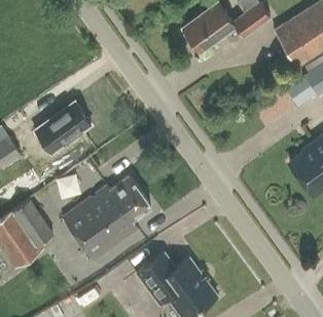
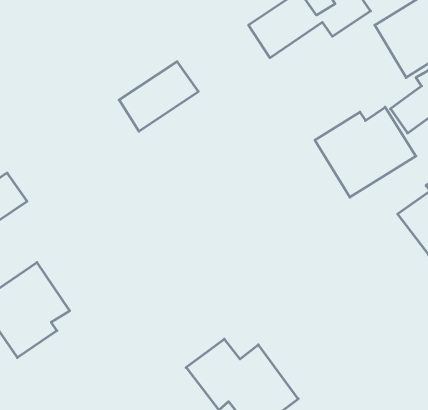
building: none -> [315,107,416,197]
building: [34,102,92,152] -> [119,62,198,131]
building: [63,177,151,263] -> none

